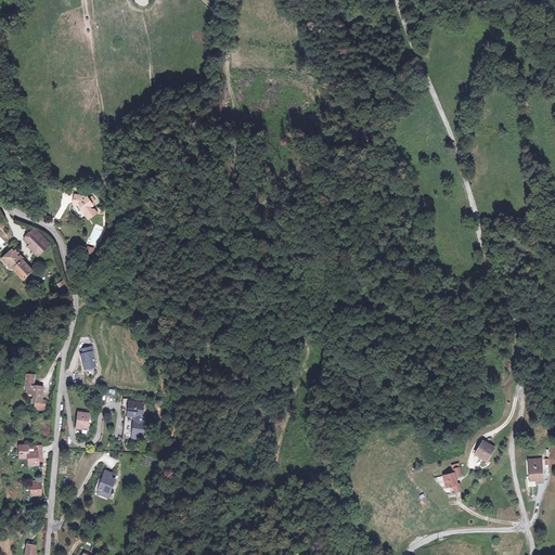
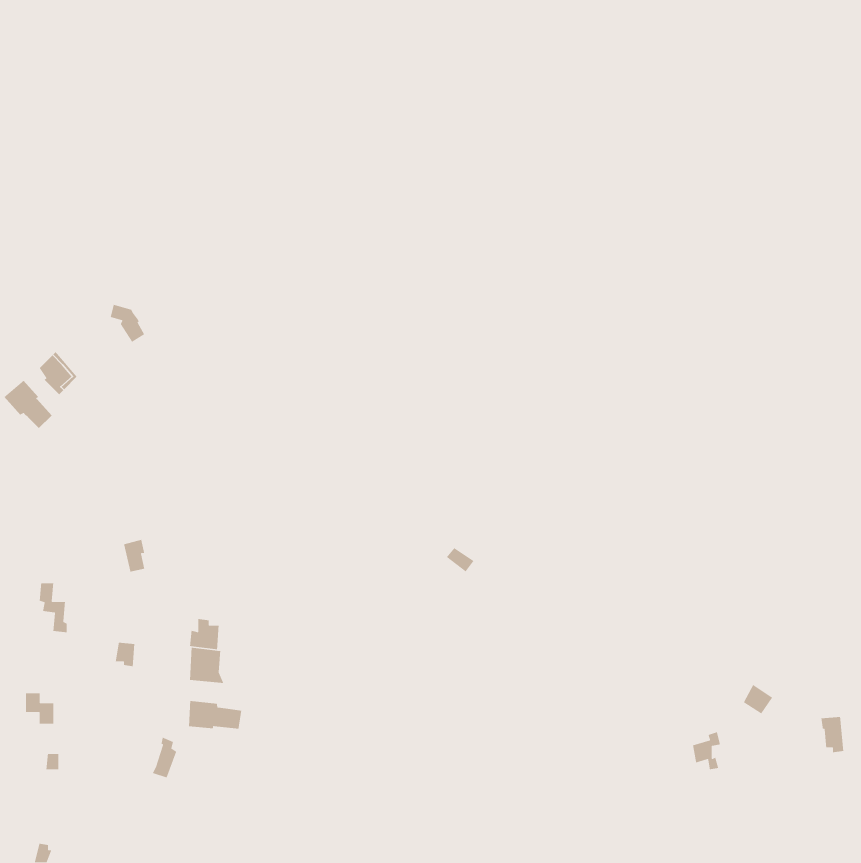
building: none -> [188,700,242,729]

